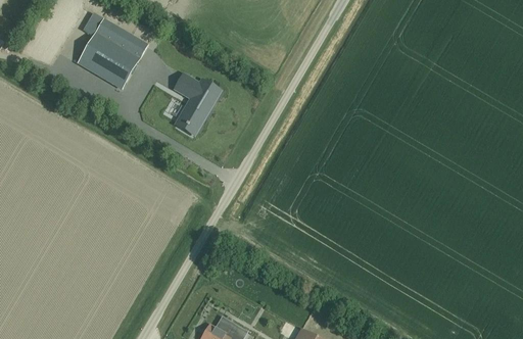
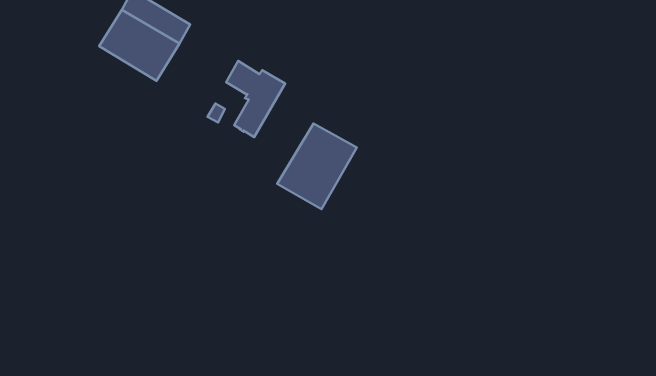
building: none -> [277,124,357,209]

